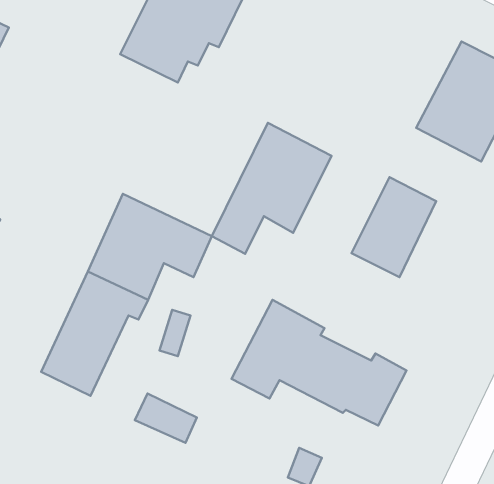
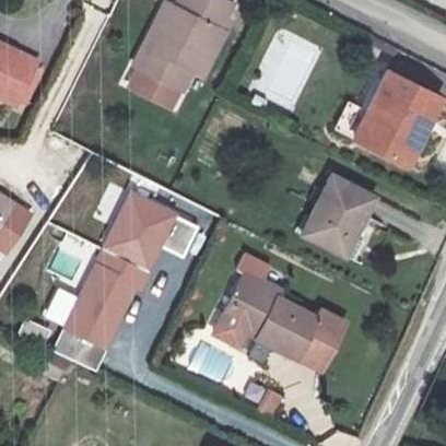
building: [212,123,332,254] -> none
building: [135,394,197,443] -> [55,328,103,366]

